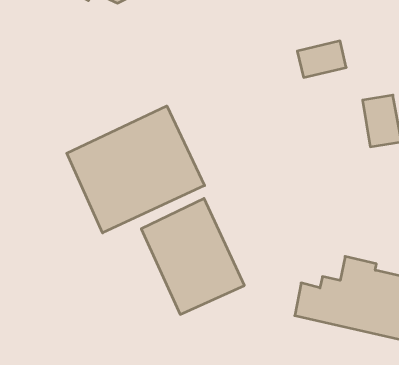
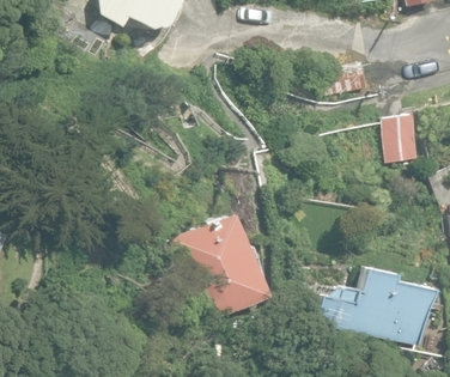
building: [67,106,205,233] -> none

